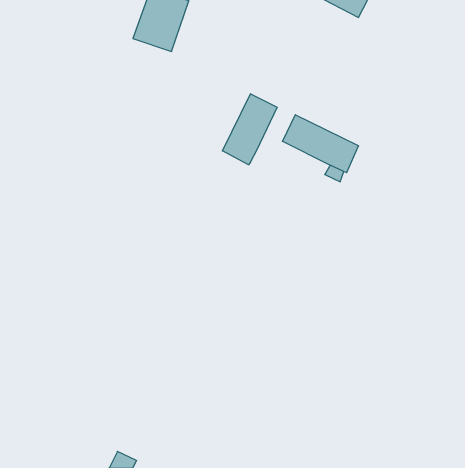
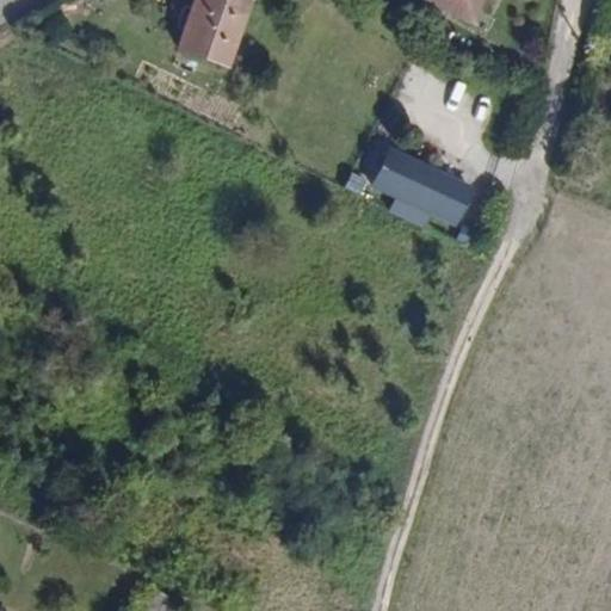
building: [222,94,277,165] -> none

